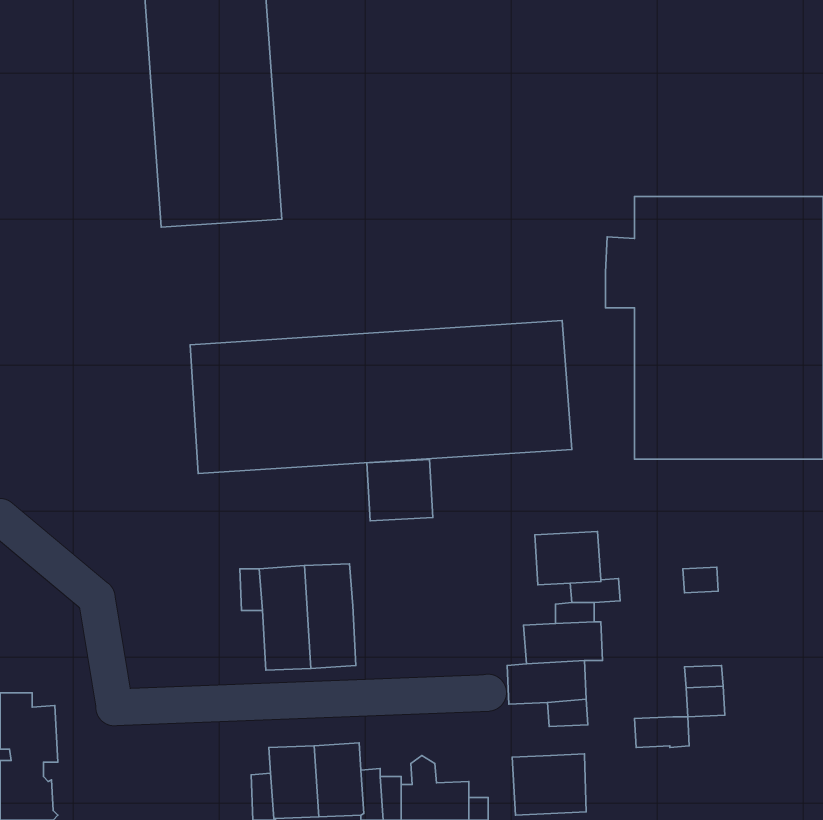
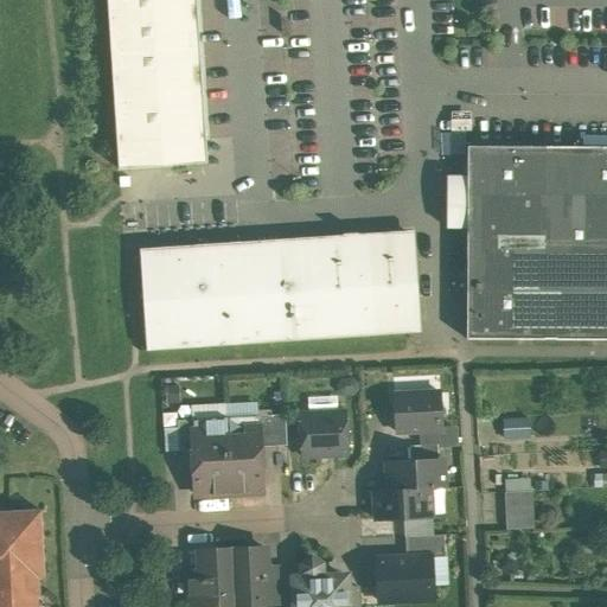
building: [367,460,433,521] -> [299,410,347,455]
building: none -> [257,413,287,446]
building: [635,717,689,748] -> [404,533,445,556]

